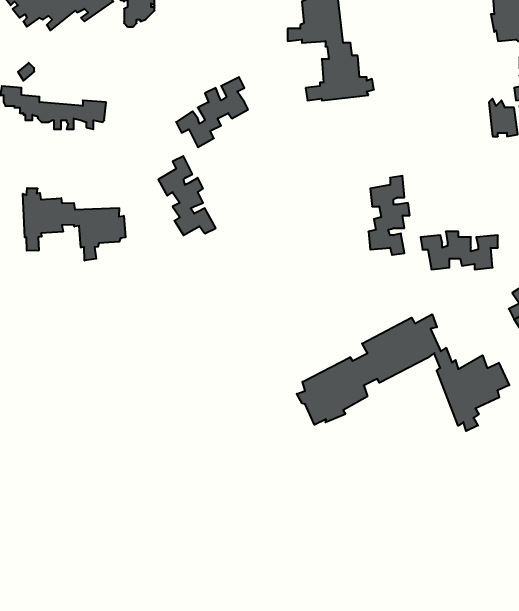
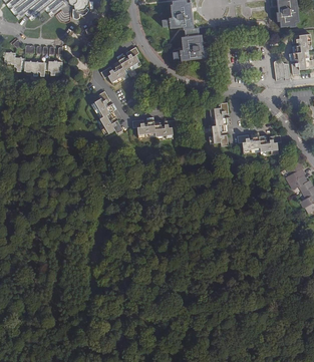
building: [23,188,125,261] -> none
building: none -> [131,118,176,139]
building: [297,314,509,431] -> none

